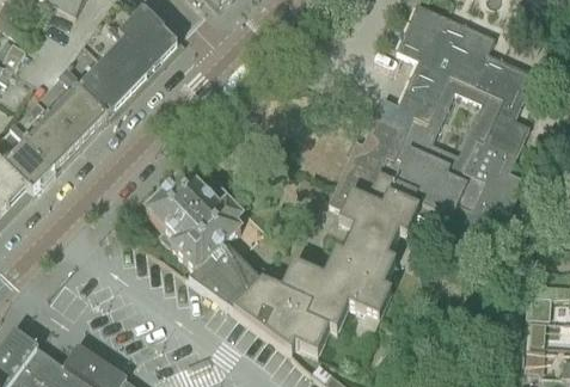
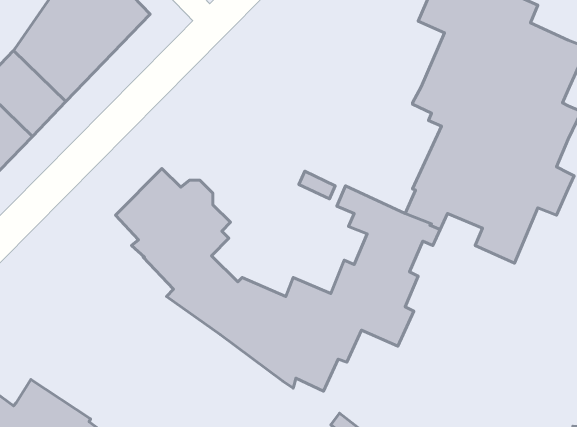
building: [336,111,415,208] -> none

